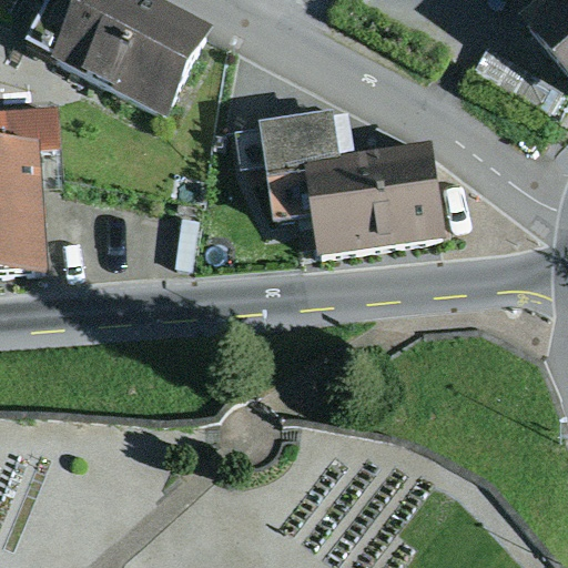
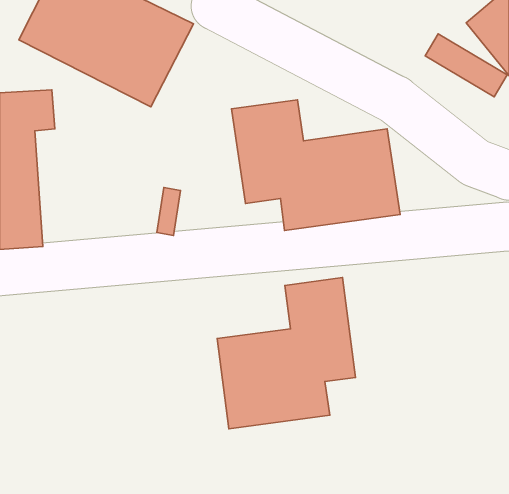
building: none -> [217,278,355,429]

